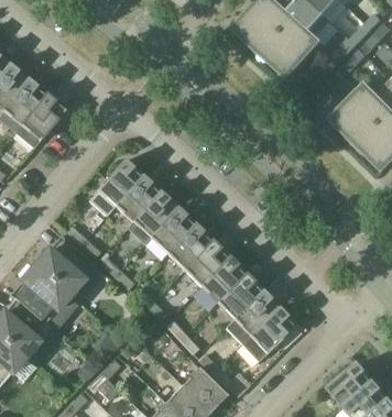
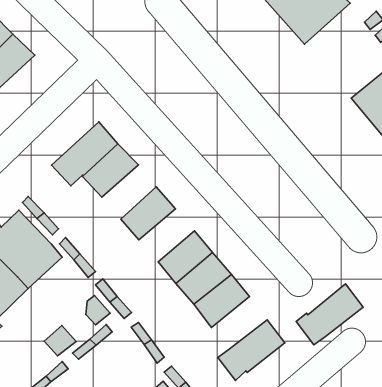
building: [127,191,181,243] -> none
building: [166,224,211,270] -> none
building: [225,290,279,343] -> [296,284,363,345]

